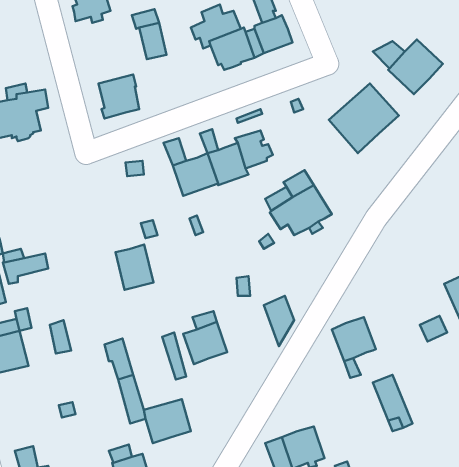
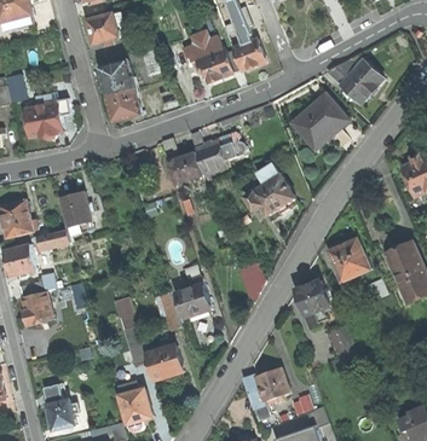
building: none -> [102,60,137,94]
building: [115,244,153,290] -> [62,192,92,228]
building: none -> [329,239,370,282]

